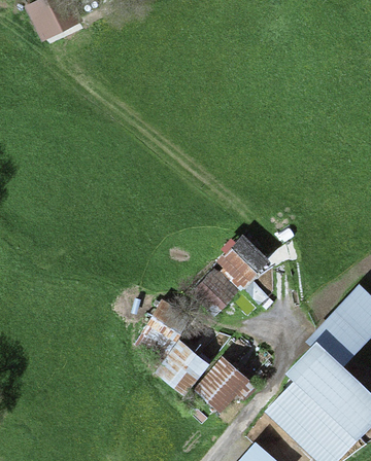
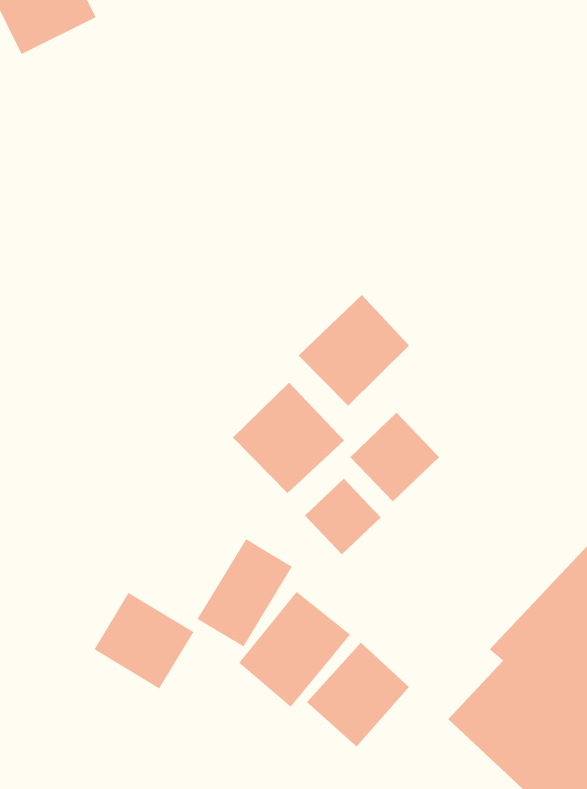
building: none -> [298,294,410,407]
building: none -> [232,382,345,494]
building: none -> [93,592,194,690]

